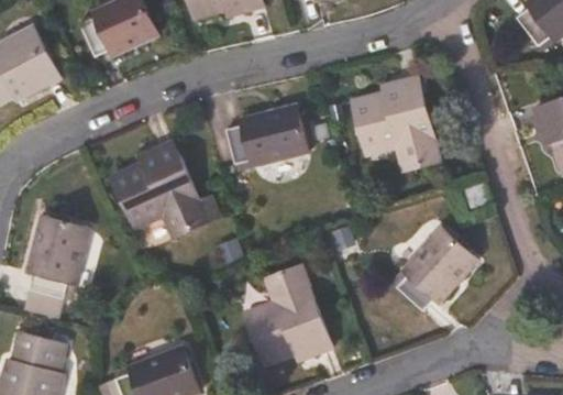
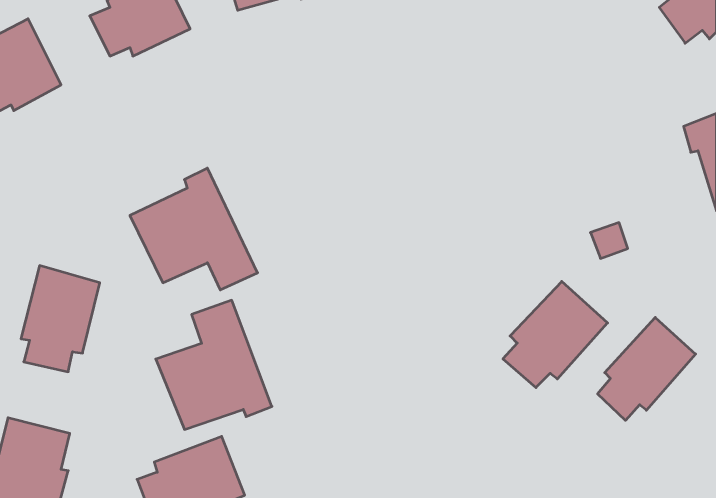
building: [351,77,440,169] -> none
building: [228,106,308,166] -> none
building: none -> [598,317,696,420]
building: [243,266,332,365] -> [156,300,272,429]

